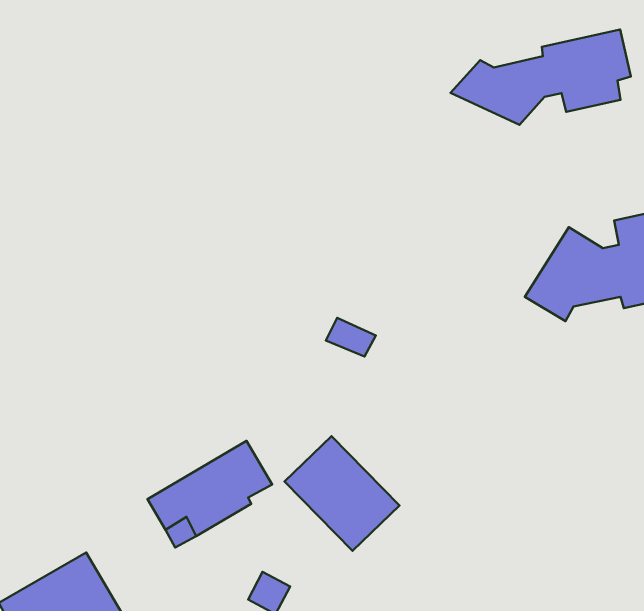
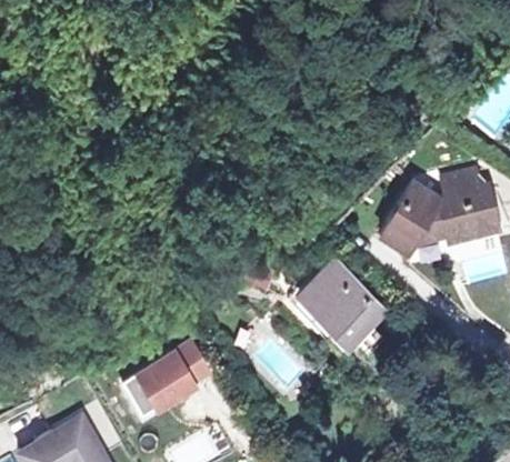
building: [450,30,631,125] -> none
building: [284,436,399,551] -> [304,258,383,337]

